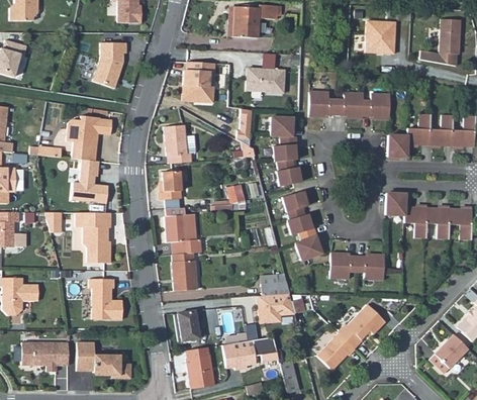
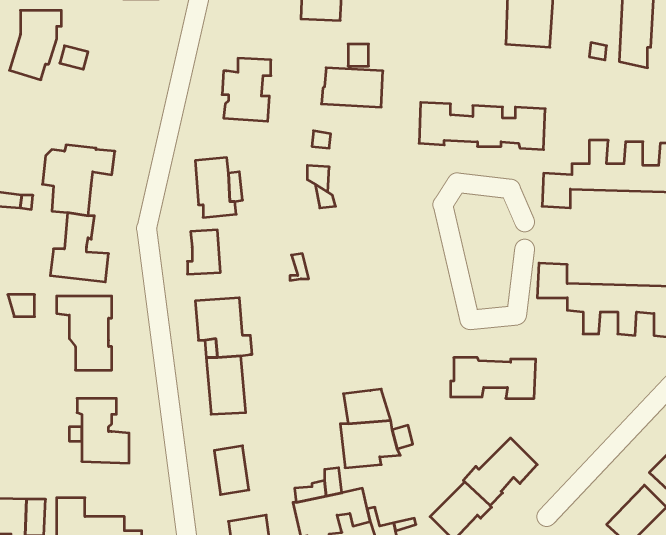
building: [93,42,126,87] -> [9,10,61,80]
building: [270,116,300,185] -> none
building: [282,192,321,260] -> none

